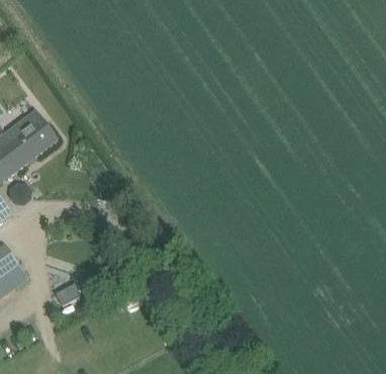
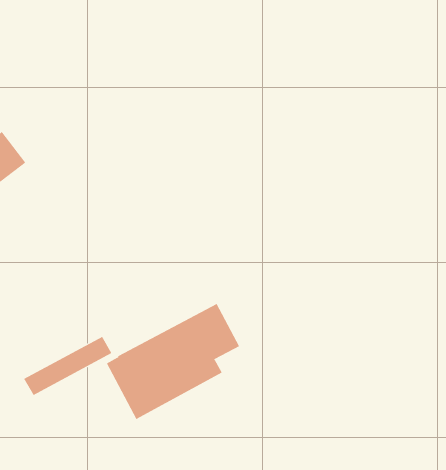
building: none -> [106,303,240,420]

